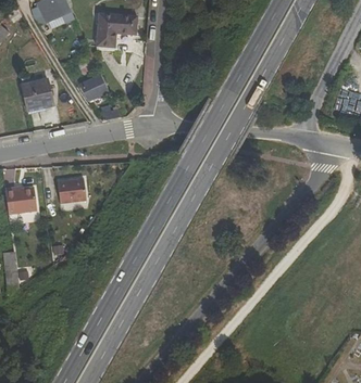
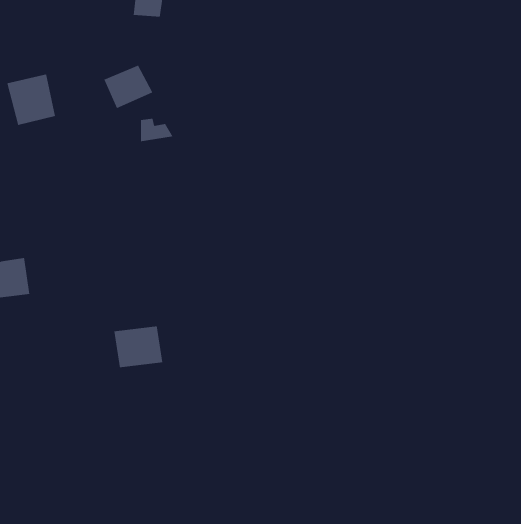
building: [58,177,87,202] -> [114,326,163,368]

